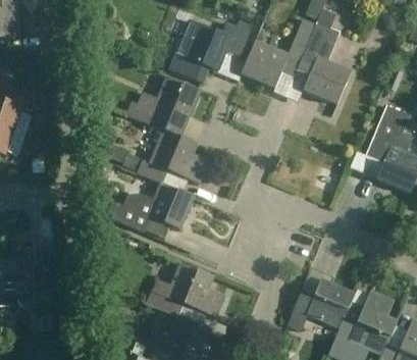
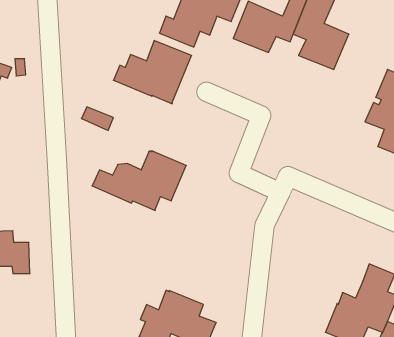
building: [136,128,209,184] -> none
building: [146,261,225,317] -> none
building: [286,278,355,330] -> none

